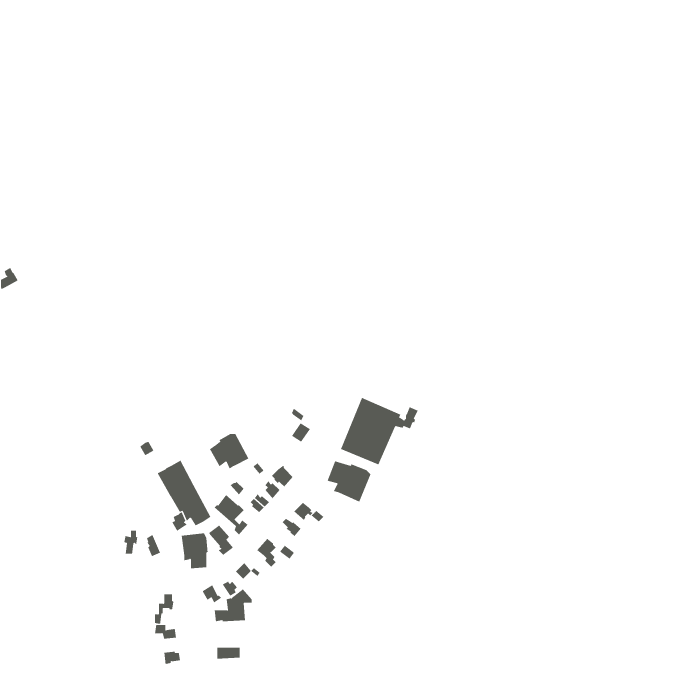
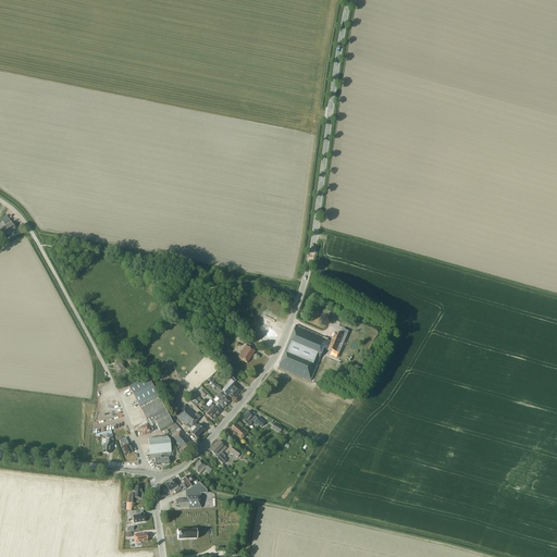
building: [209,433,249,470] -> none
building: [327,461,371,502] -> none

